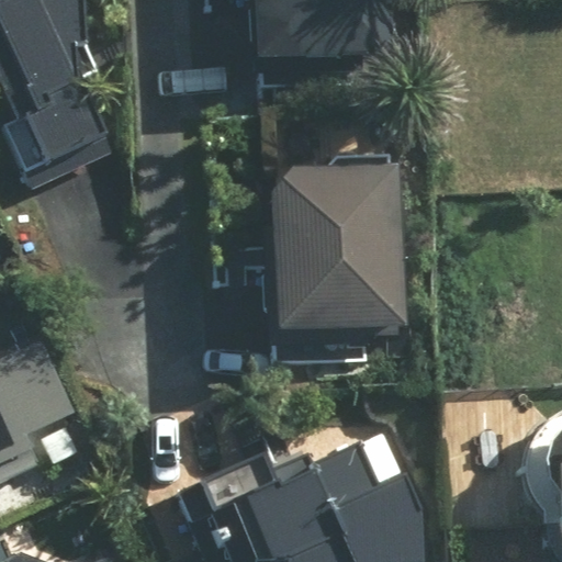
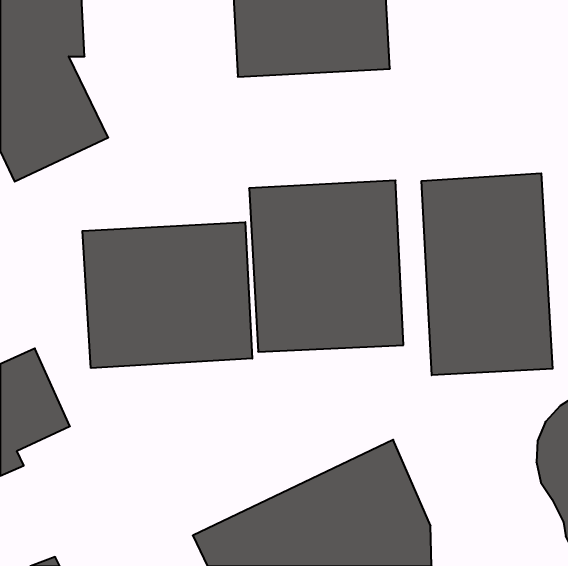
building: none -> [422,173,553,375]
building: none -> [82,222,252,368]

